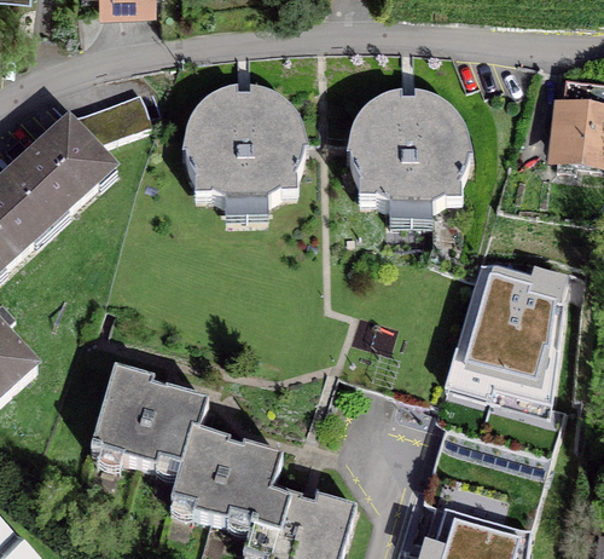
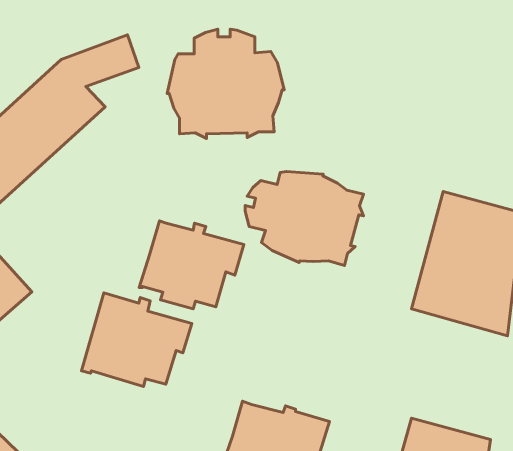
building: [345,92,471,209] -> none
building: none -> [245,171,363,266]
building: [169,431,281,525] -> [139,221,244,309]

